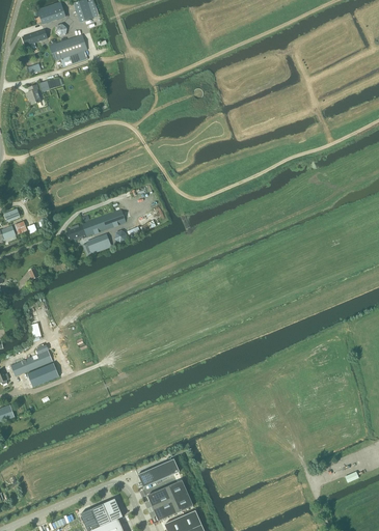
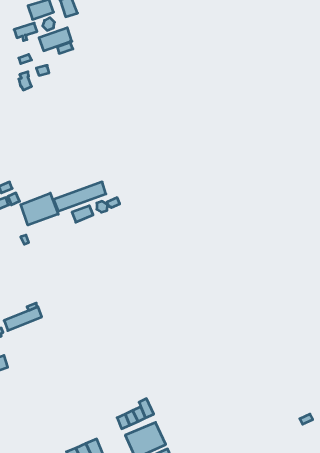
building: none -> [21,193,58,225]
building: [27,363,59,387] -> none

